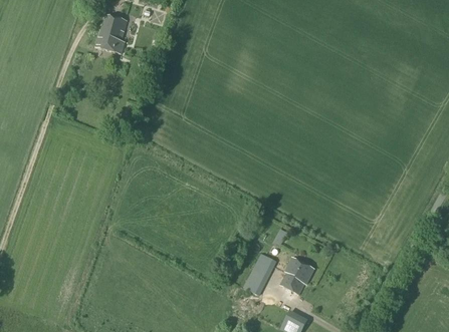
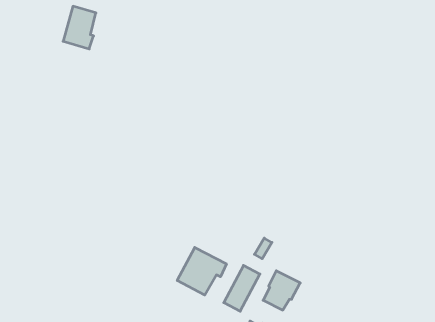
building: none -> [177,247,226,295]

